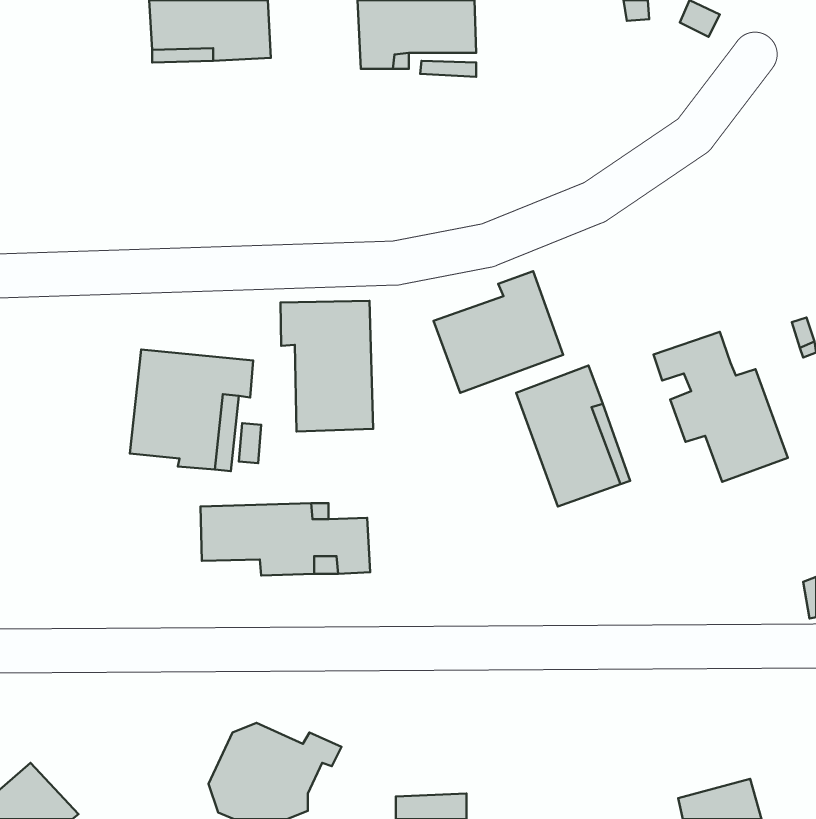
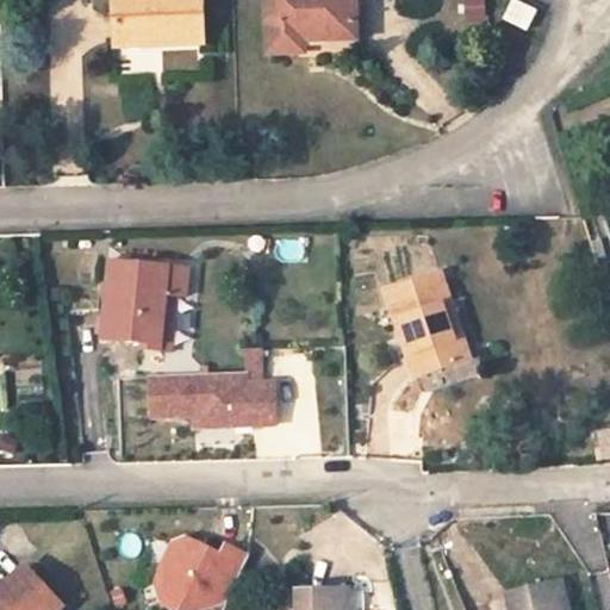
building: [434,271,563,393] -> none
building: [280,301,373,431] -> none
building: [654,332,788,482] -> none

